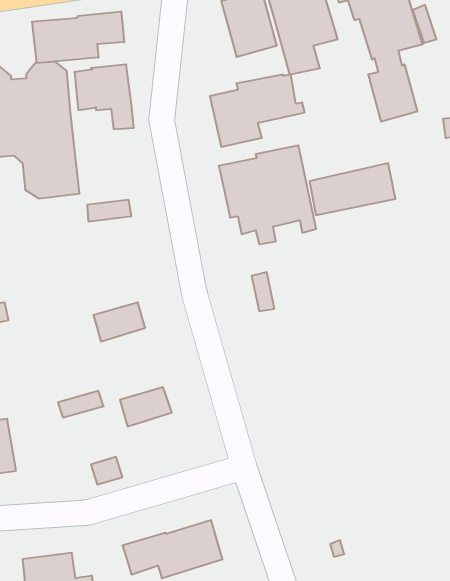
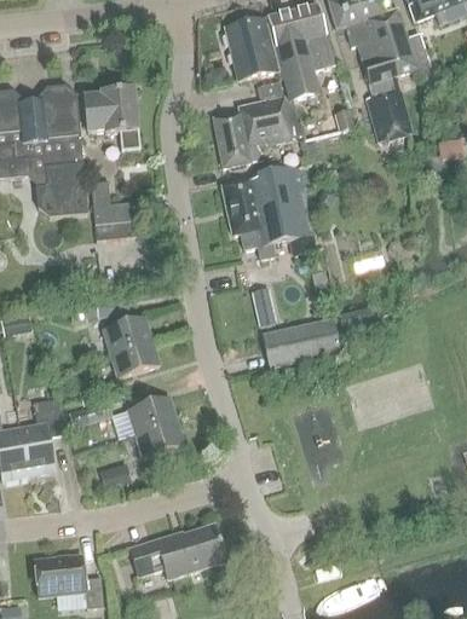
building: [32,11,124,63] -> none
building: none -> [90,179,136,221]
building: [310,163,396,215] -> [261,316,344,365]
building: none -> [108,339,157,376]
building: none -> [18,397,65,475]
building: none -> [133,420,183,457]

